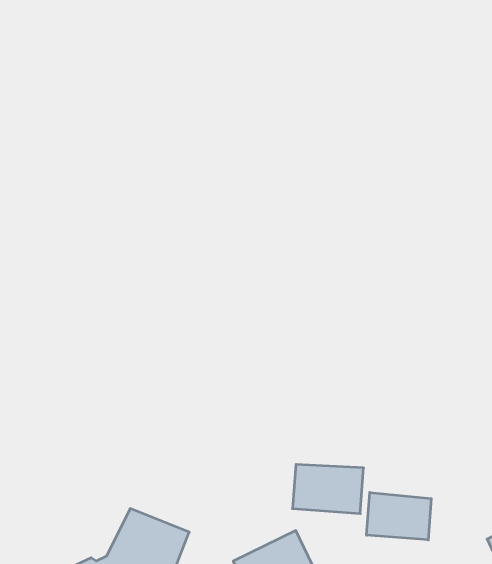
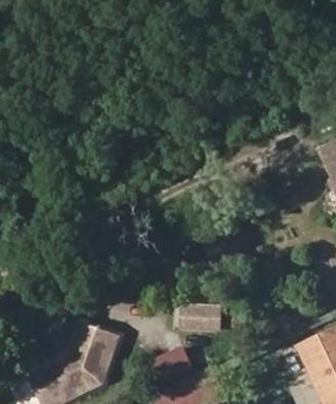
building: [367,492,431,540] -> none

